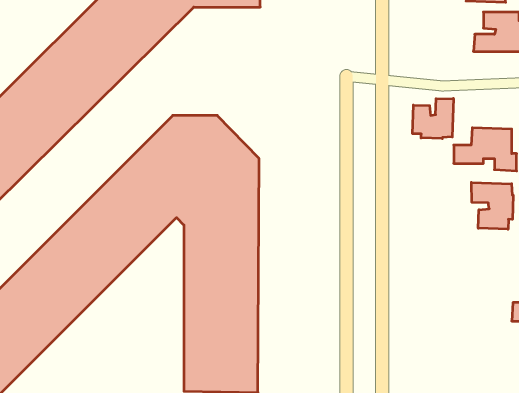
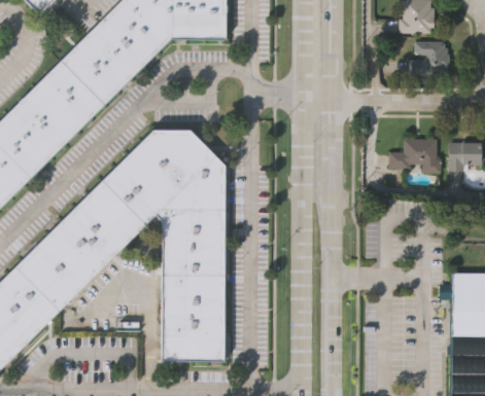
building: [413,98,453,139] -> none
building: [471,182,513,229] -> none

